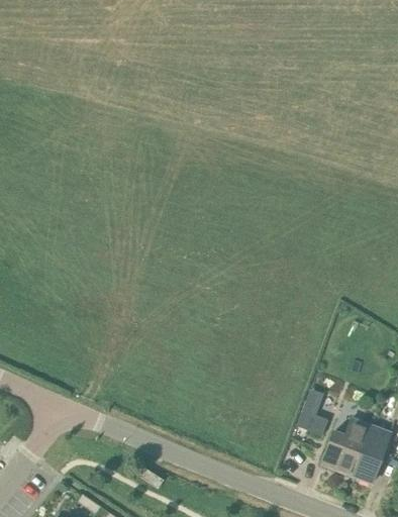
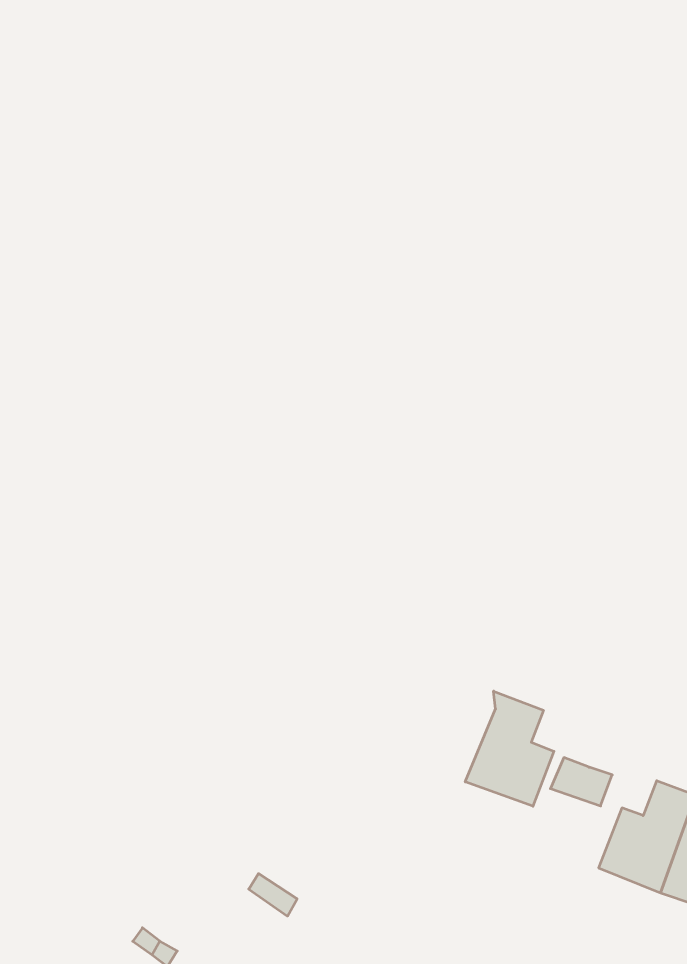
building: none -> [465,691,554,806]

